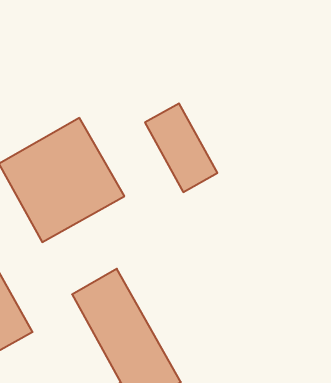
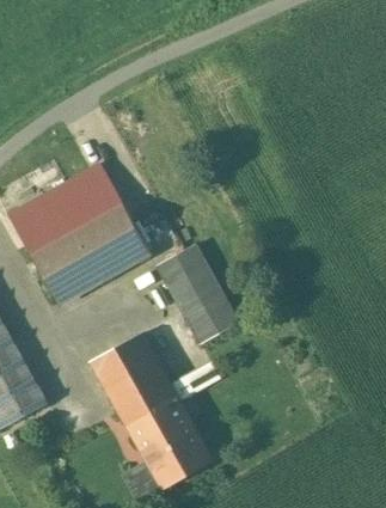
building: [145,103,217,192] -> [157,244,238,343]

